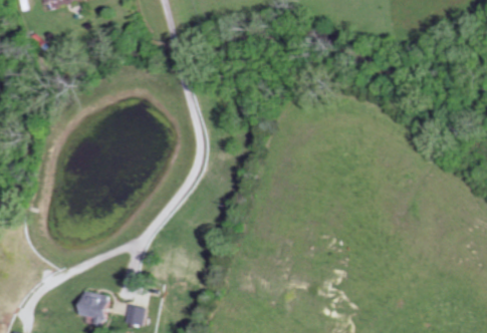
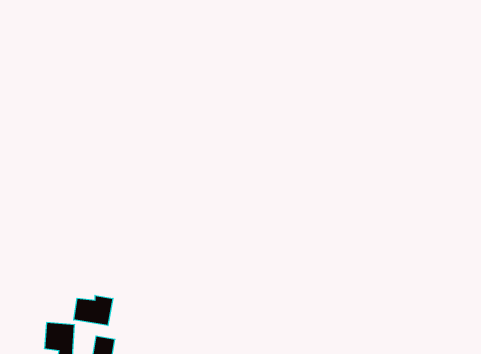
building: none -> [74,295,113,326]

